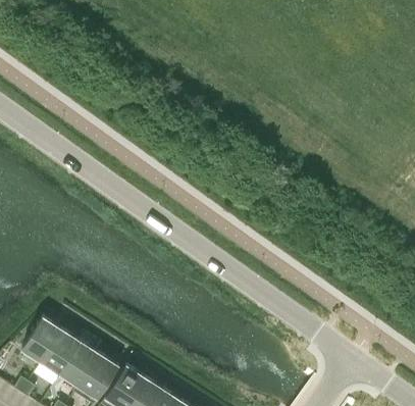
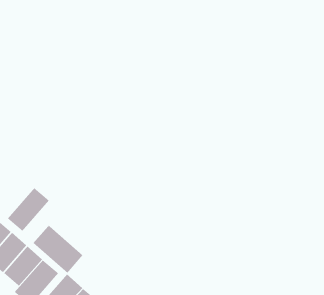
building: none -> [7,187,50,232]
building: none -> [32,219,84,274]

